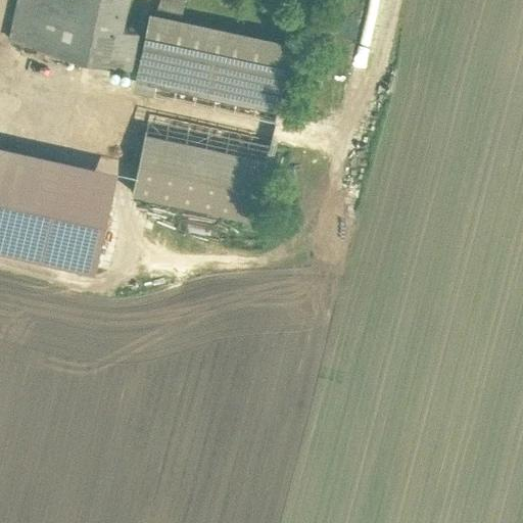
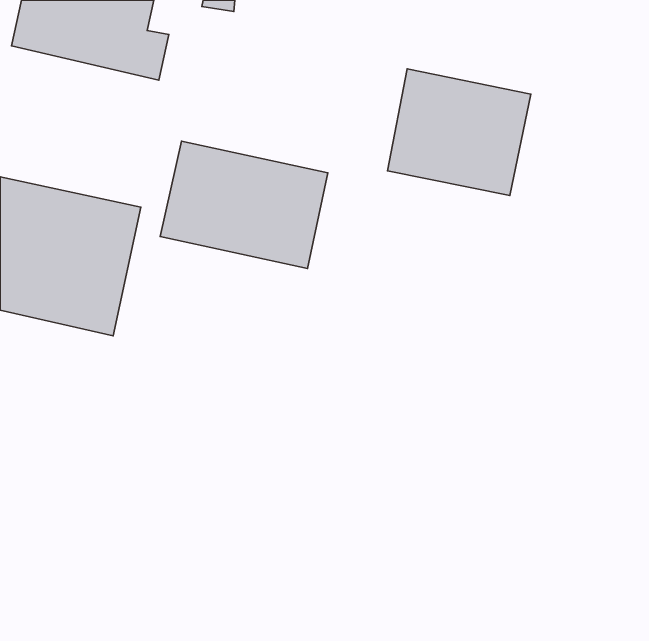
building: [129,14,290,125] -> none
building: none -> [387,69,531,196]

